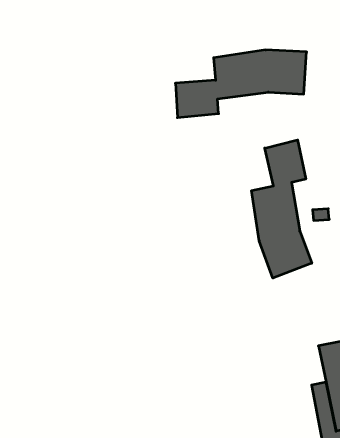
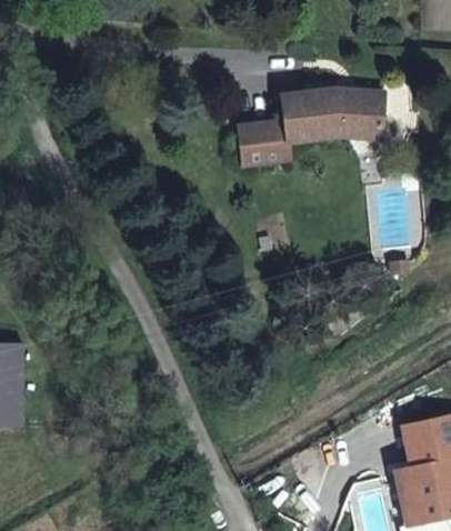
building: [252,140,312,278] -> none

